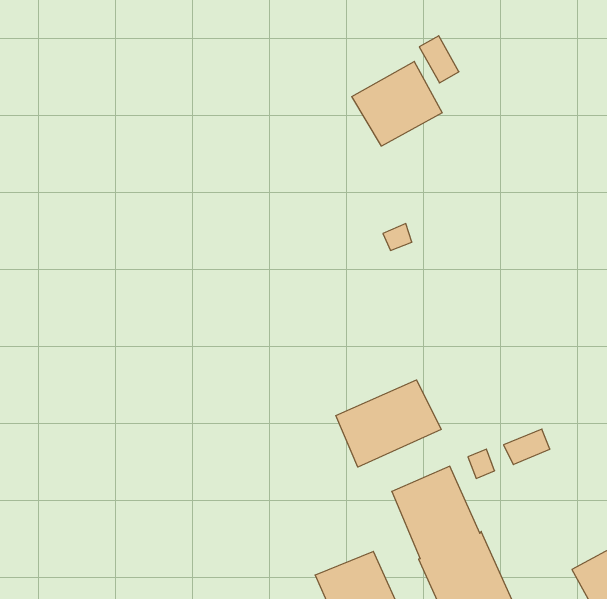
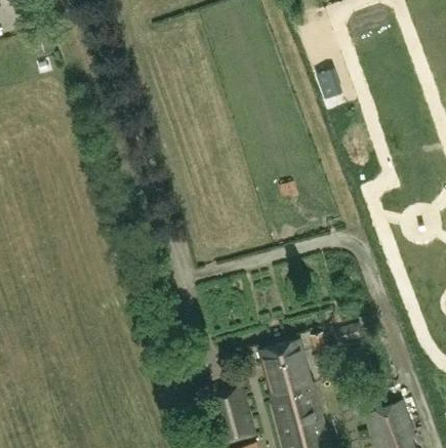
building: [352,61,442,146] -> none
building: [336,380,441,467] -> none

